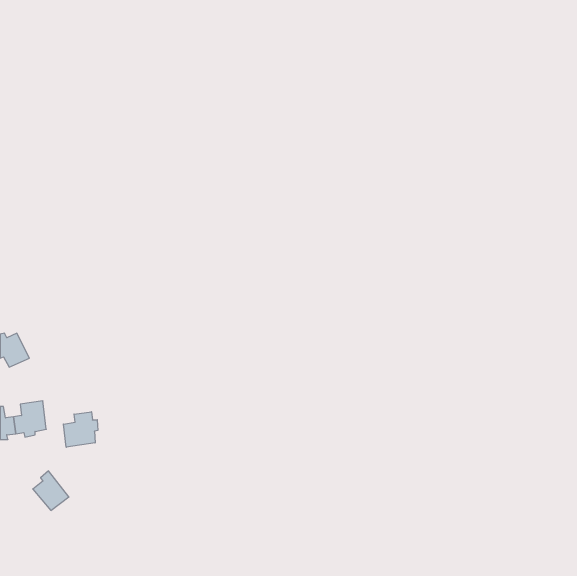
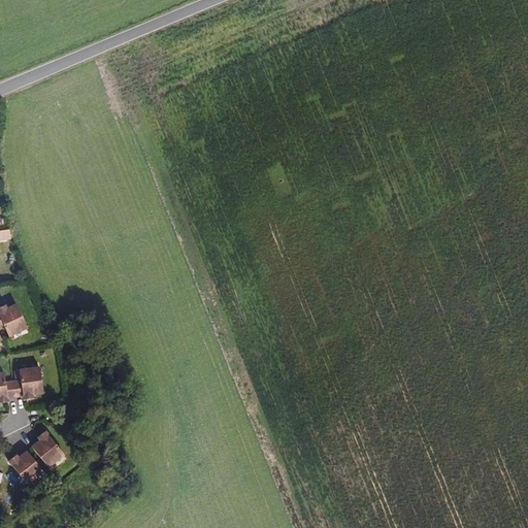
building: [63,412,98,447] -> none
building: none -> [7,451,41,484]

